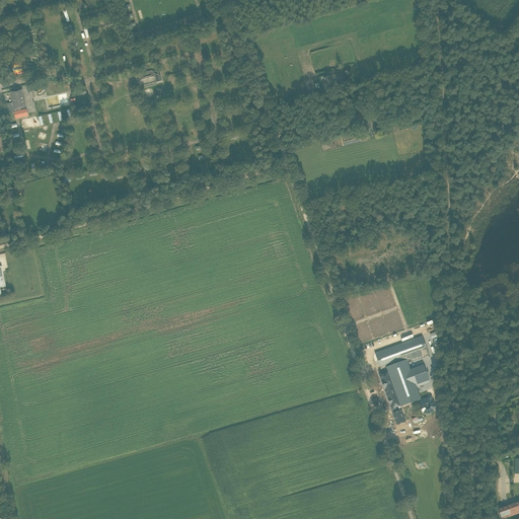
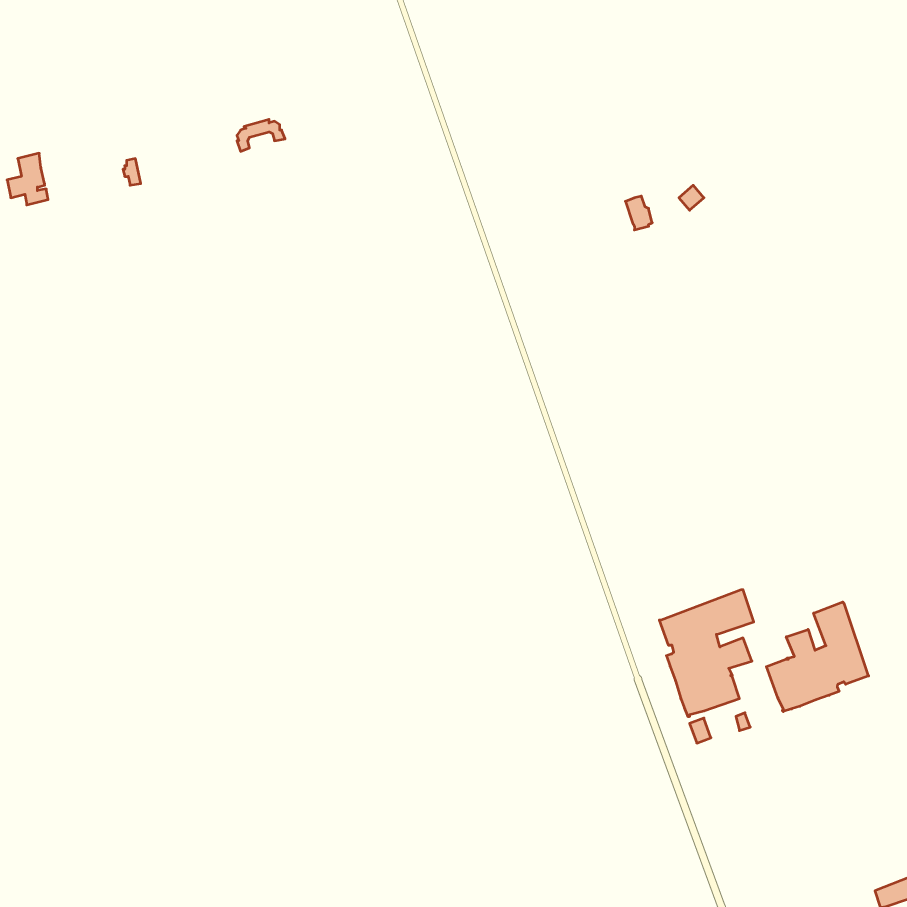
building: none -> [766,602,869,712]

